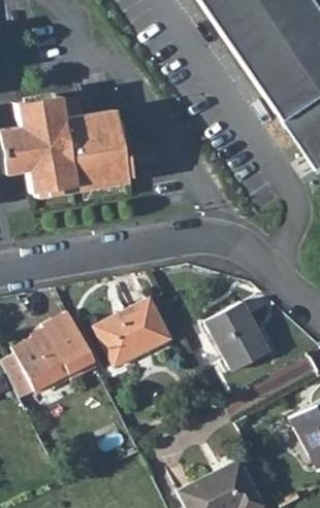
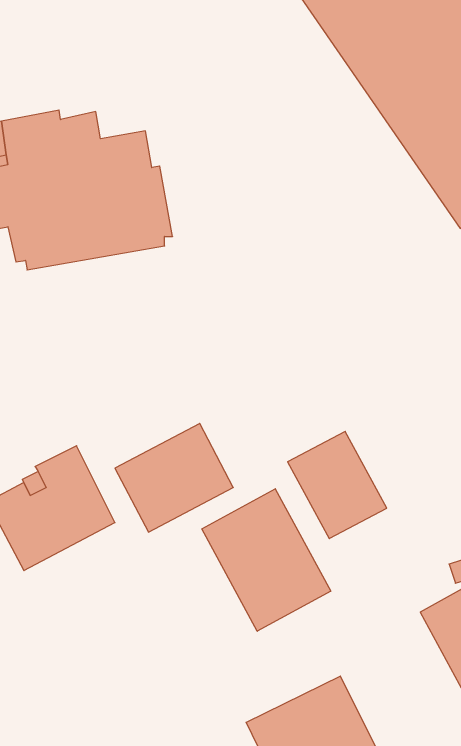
building: none -> [202,489,331,631]

